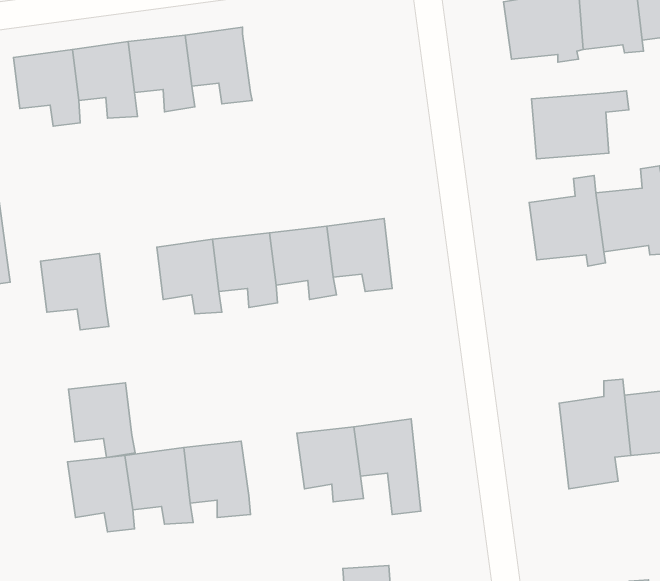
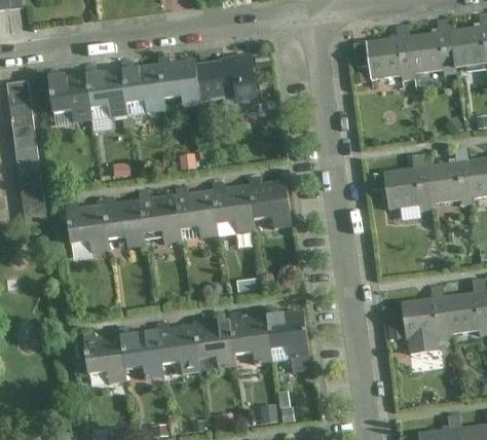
building: none -> [196,56,258,114]
building: [531,91,629,159] -> none
building: [68,383,135,458] -> [104,199,147,248]
building: none -> [195,320,237,368]

